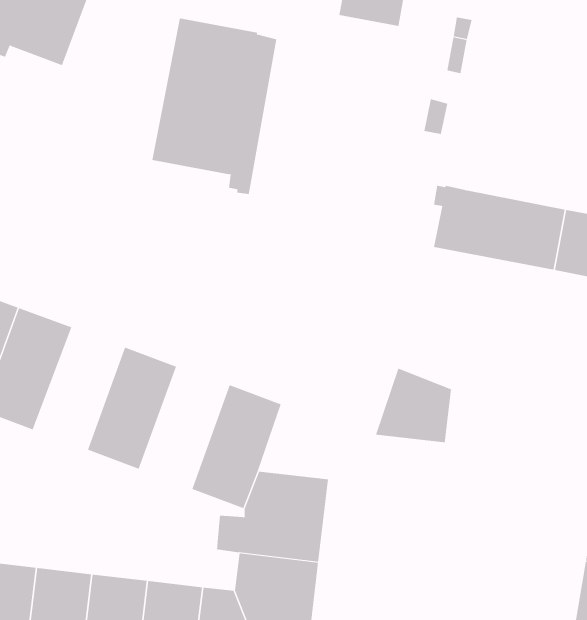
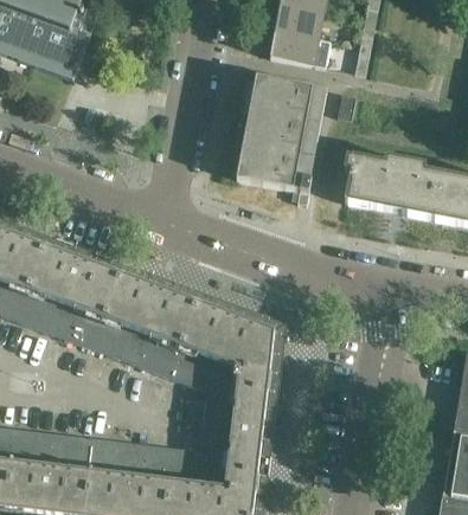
building: none -> [271,32,332,66]
building: [152,18,277,194] -> [236,75,327,202]
building: none -> [55,258,121,347]
building: none -> [132,287,197,375]
building: [375,368,452,443] -> [218,314,274,368]

